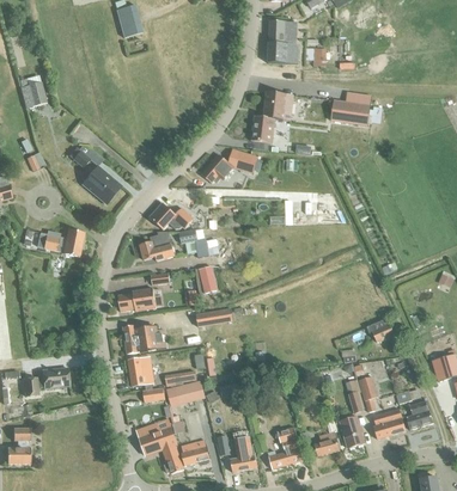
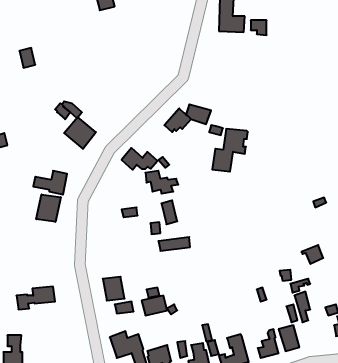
building: [249,90,292,141] -> [212,129,248,172]
building: [329,99,368,124] -> none
building: [140,231,173,259] -> none
building: none -> [36,194,61,222]
building: [117,287,156,311] -> none
building: [122,324,165,352] -> none
building: [372,407,404,437] -> none

